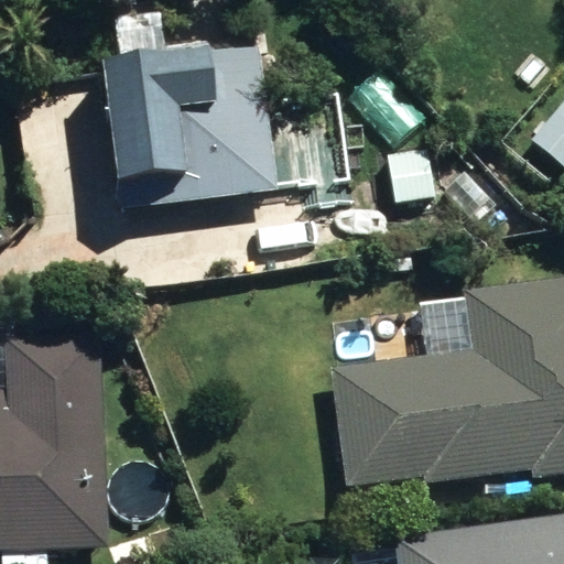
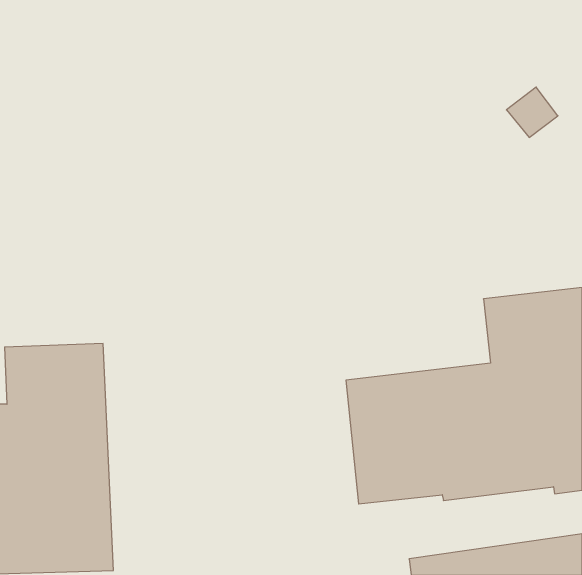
building: [105,50,276,210] -> none

